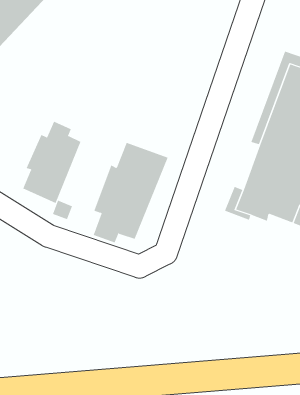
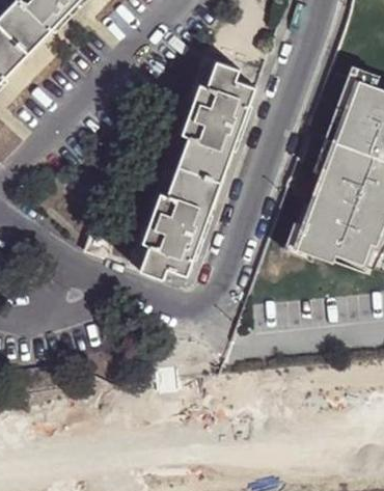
building: none -> [174,59,258,185]
building: [23,121,81,204] -> none

